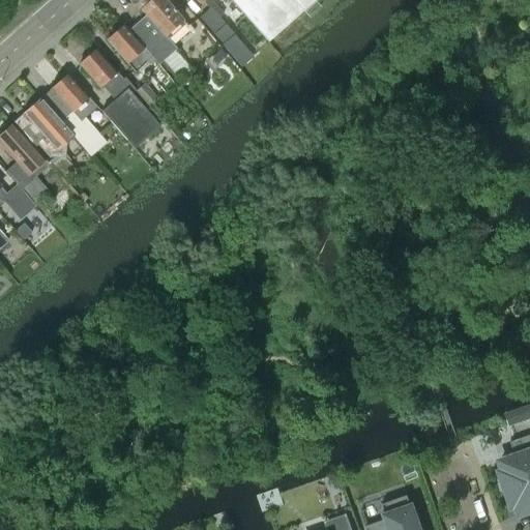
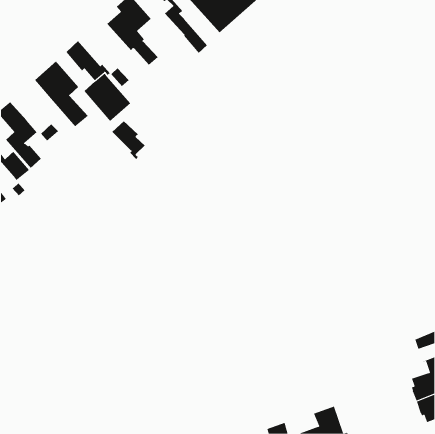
building: [108,24,159,71] -> none
building: [12,97,72,155] -> none
building: none -> [111,121,145,160]

